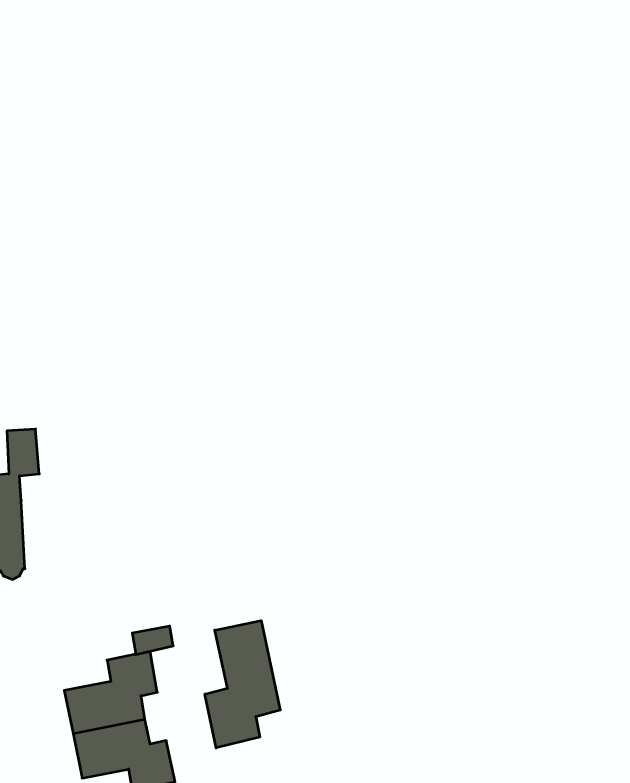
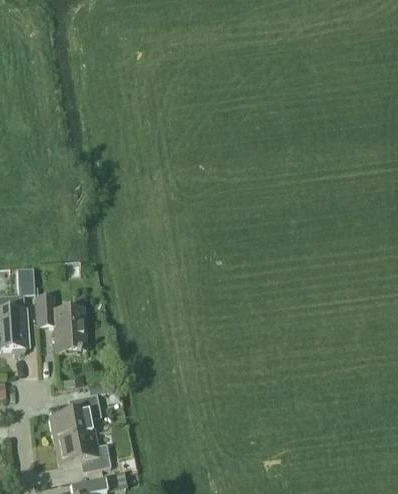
building: none -> [36,294,86,350]
building: [205,621,280,748] -> none

